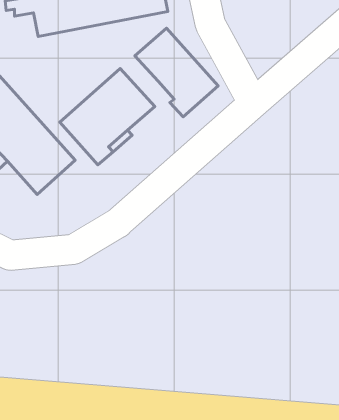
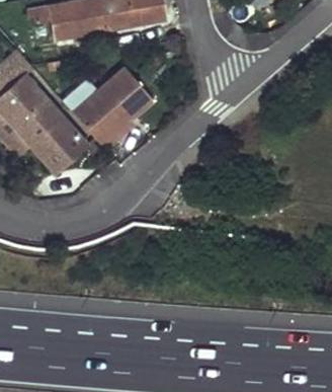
building: [135,28,218,117] -> none

